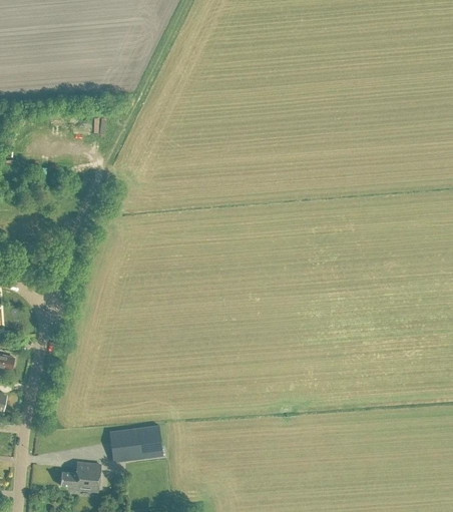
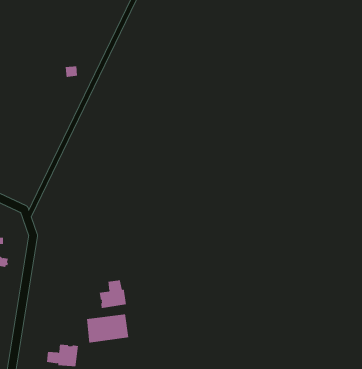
building: none -> [99,280,126,309]

